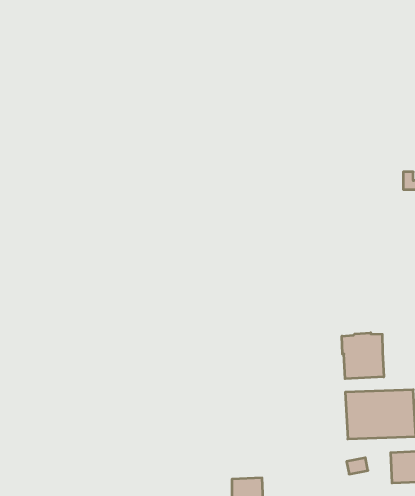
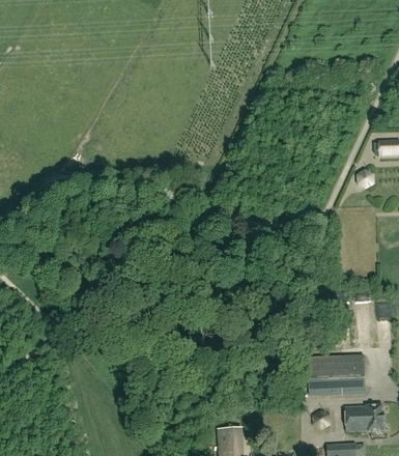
building: [342,333,384,379] -> none

